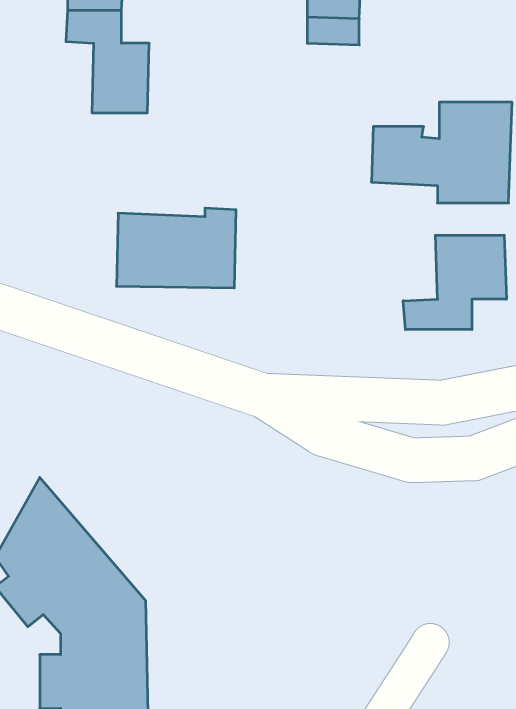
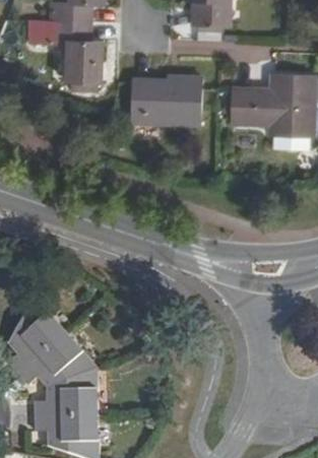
building: [116,208,236,288] -> [130,76,200,123]
building: [403,235,506,330] -> none

